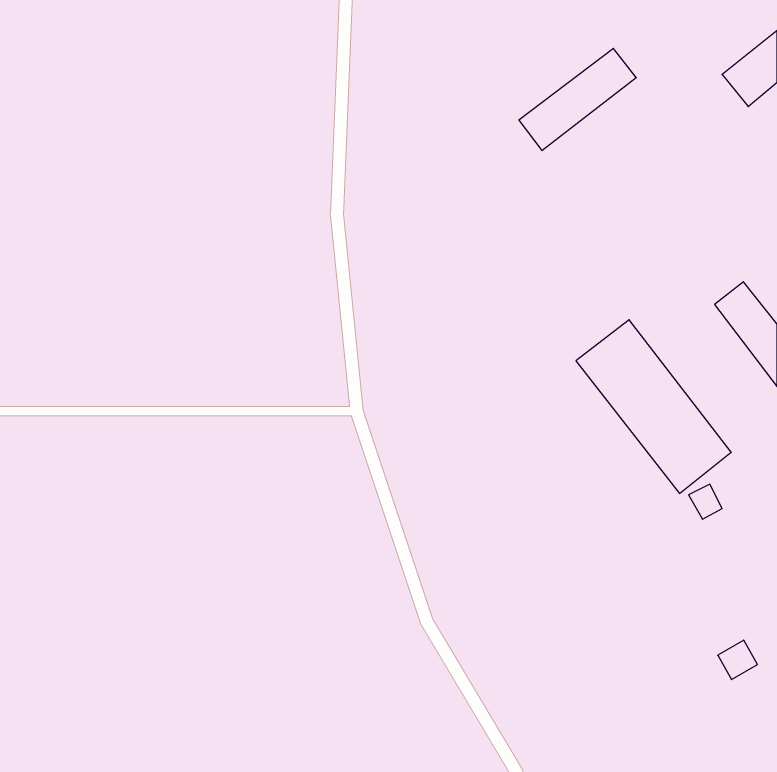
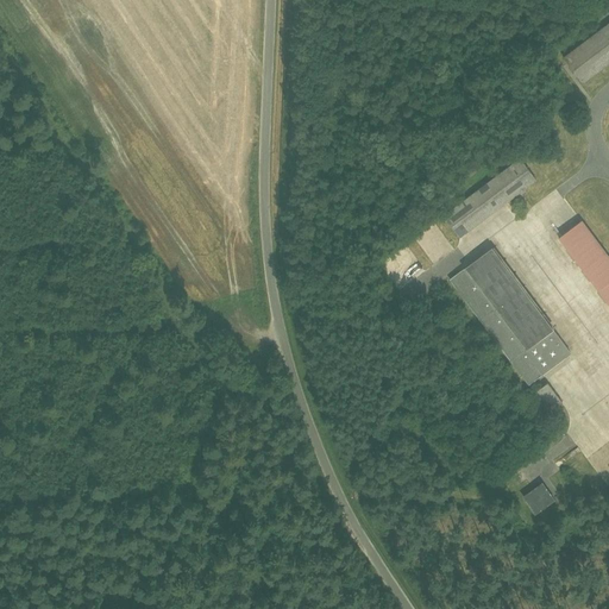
building: [519,48,636,150] -> [445,158,536,238]
building: [718,640,757,680] -> [527,478,558,509]

